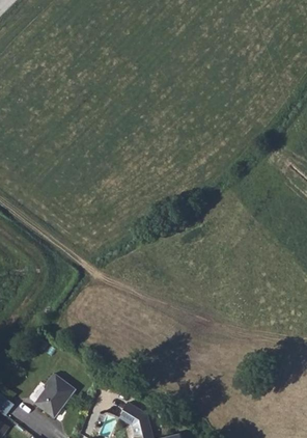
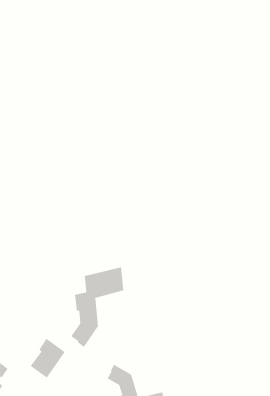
building: none -> [70,266,124,348]

